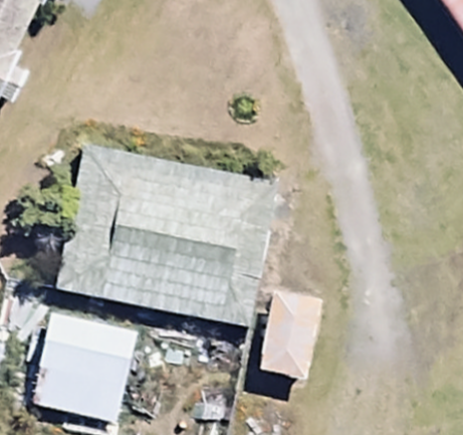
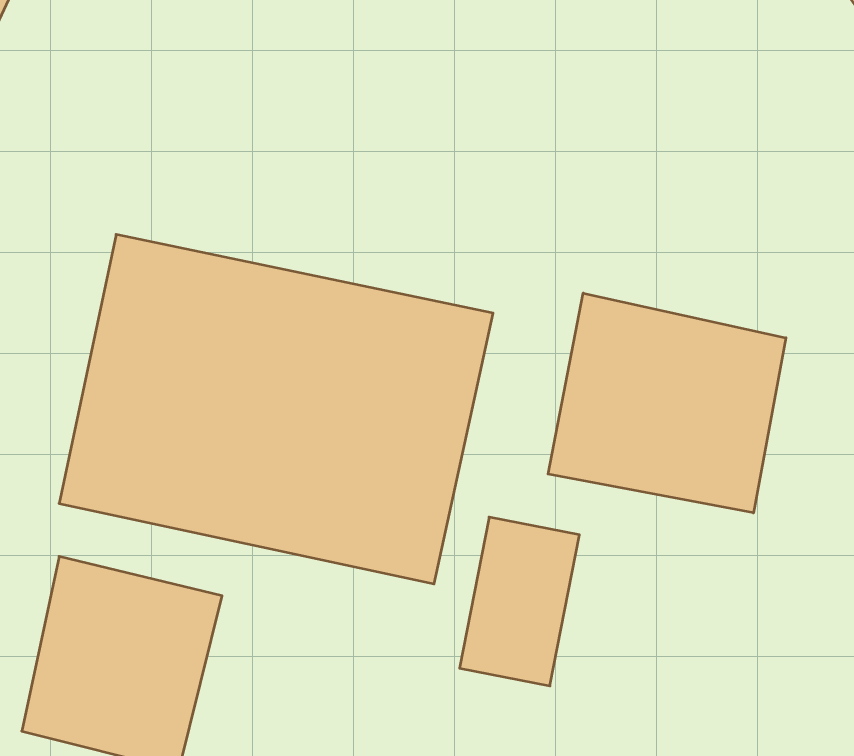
building: none -> [548,293,786,513]

